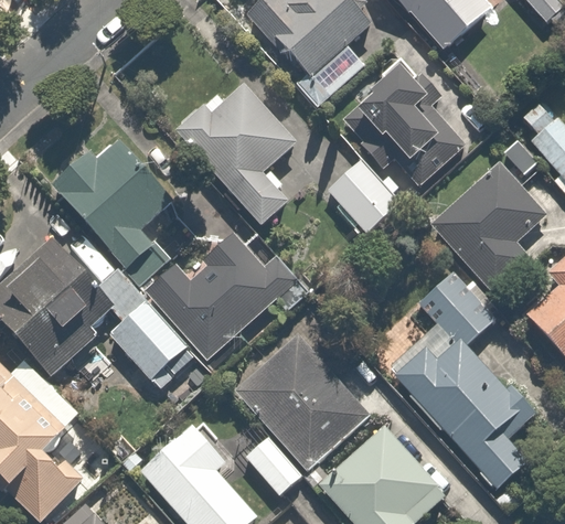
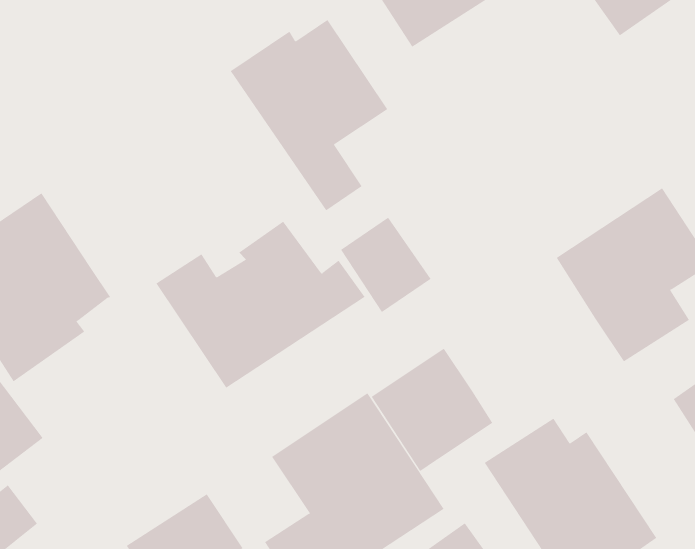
building: [369,85,466,183] -> none
building: [47,132,170,281] -> none
building: [326,154,395,225] -> [340,217,432,313]
building: [94,264,192,383] -> none
building: [416,267,508,360] -> [371,348,493,472]

